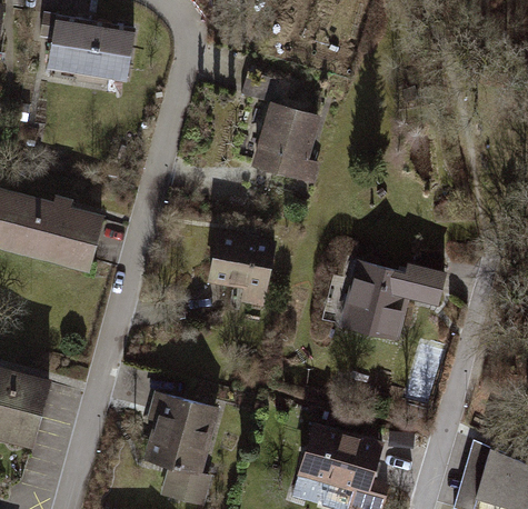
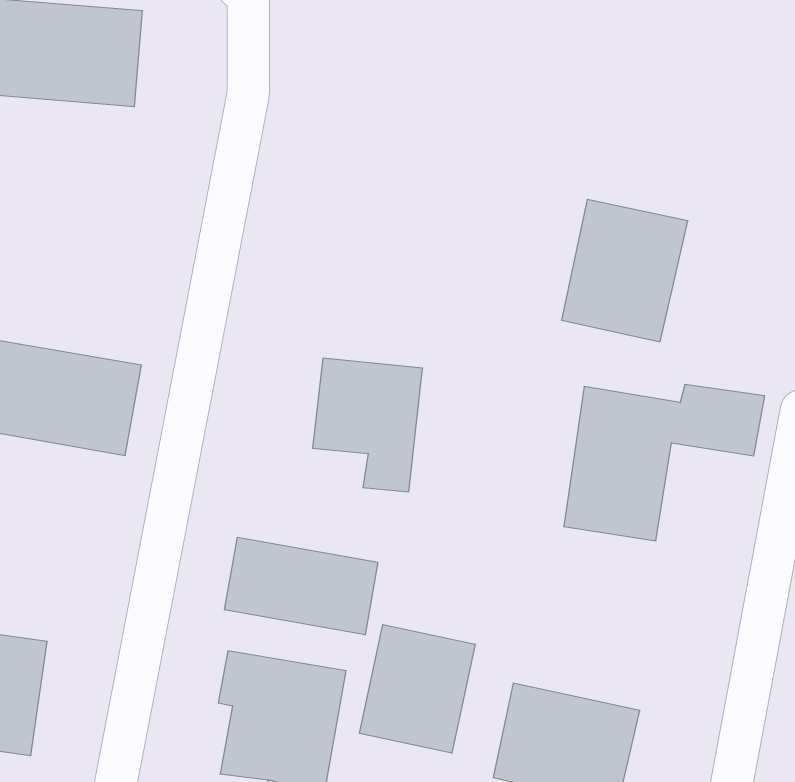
building: [249,98,325,181] -> [561,199,688,342]
building: none -> [225,537,378,635]
building: none -> [359,624,475,753]

